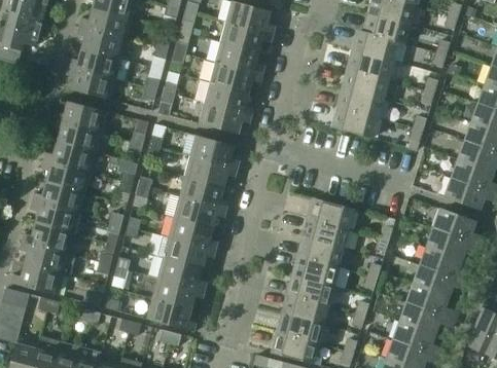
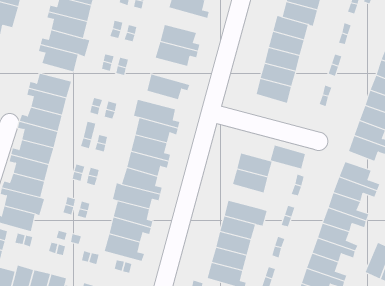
building: [220,21,274,51] -> none
building: [204,82,254,115] -> none
building: [298,236,343,266] -> [270,145,306,169]

